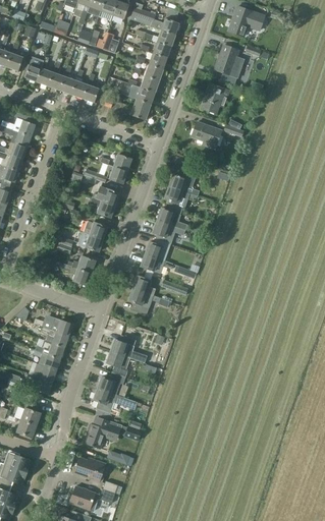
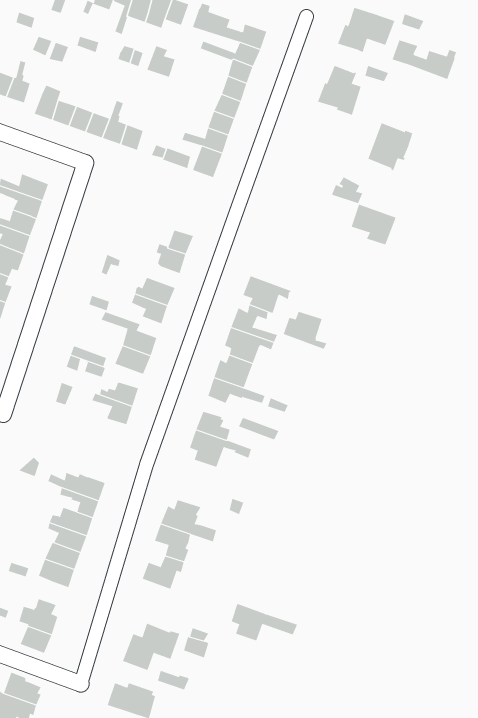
building: none -> [392,39,457,80]
building: [200,82,230,115] -> [368,122,413,171]
building: [191,121,221,149] -> [351,204,397,245]
building: [169,170,199,195] -> [283,311,327,349]
building: [93,388,138,413] -> [231,603,298,641]

